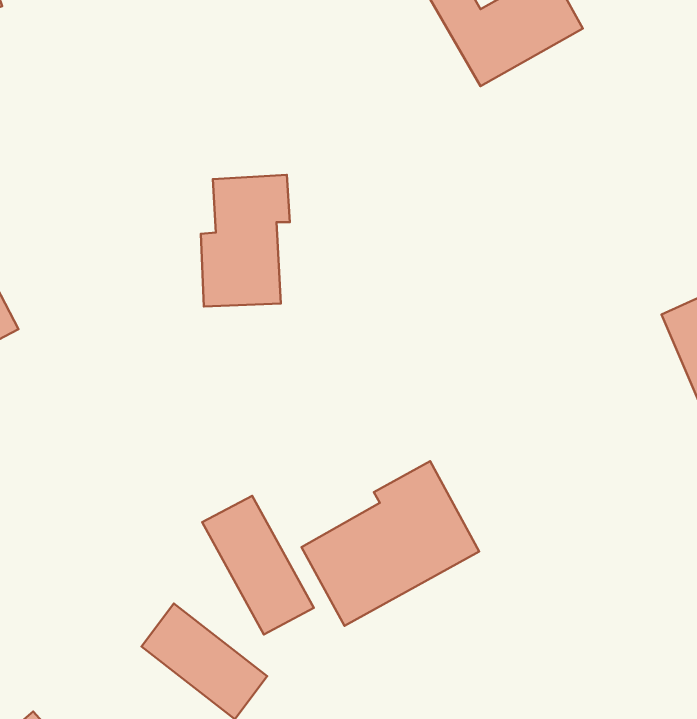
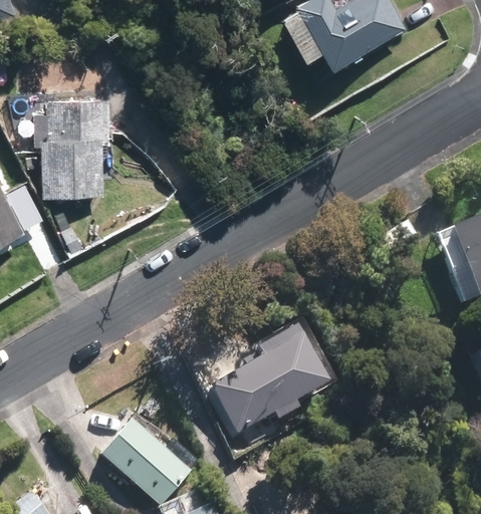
building: [201,175,290,307] -> [41,106,101,196]
building: [202,496,314,635] -> none

